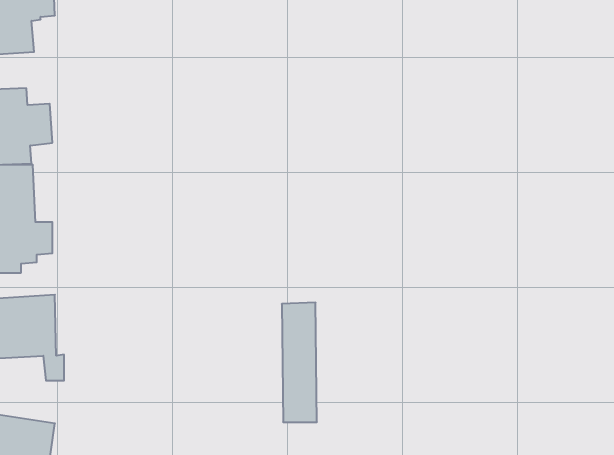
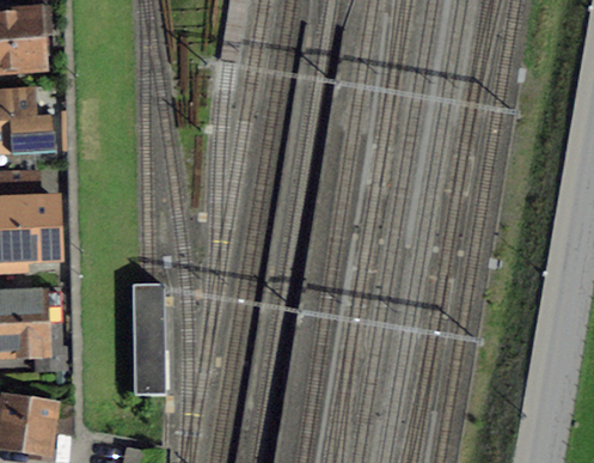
building: [282,303,317,422] -> [133,284,165,394]

